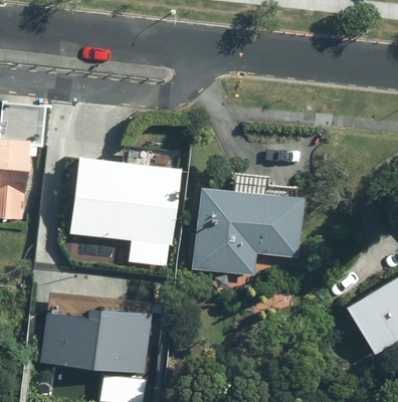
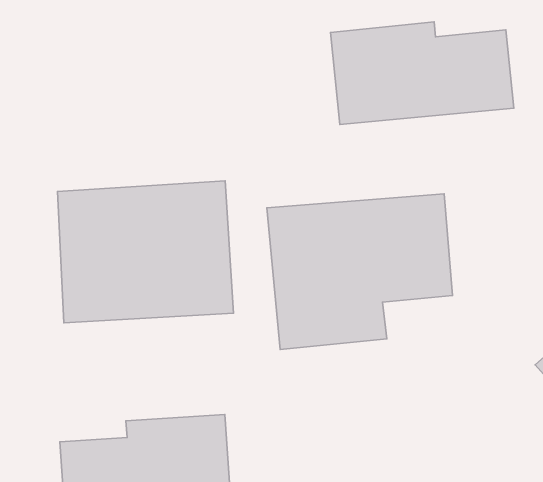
building: none -> [330,22,514,124]

